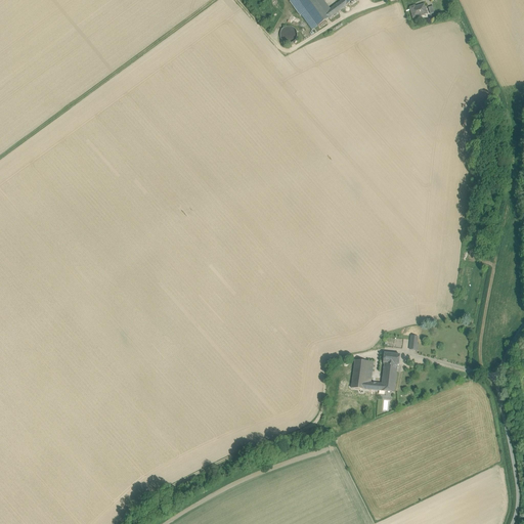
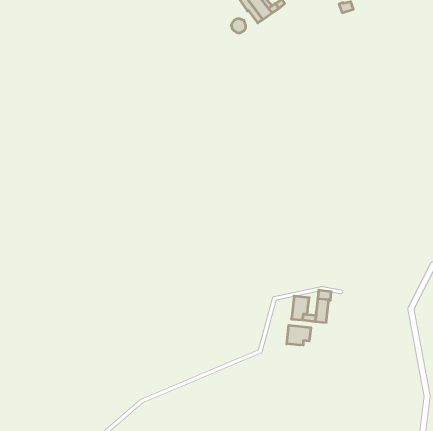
building: none -> [287,325,311,345]

